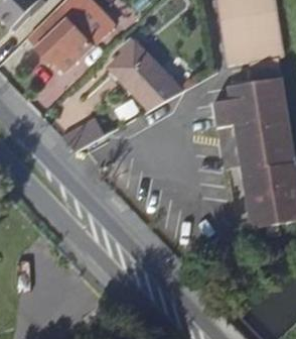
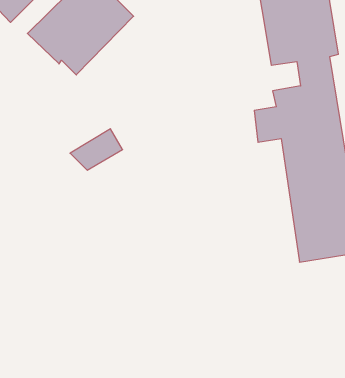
building: [109,37,182,106] -> none

